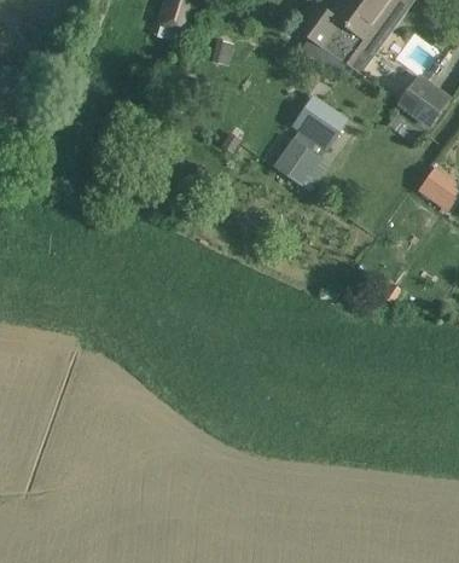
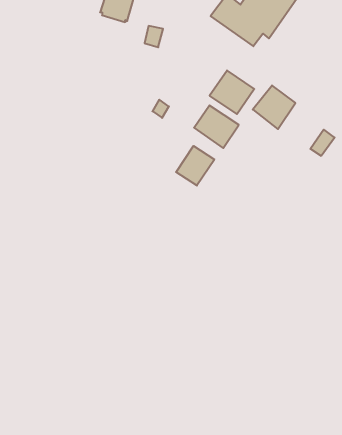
building: [396,72,449,127] -> [253,85,295,129]
building: none -> [176,146,214,186]

